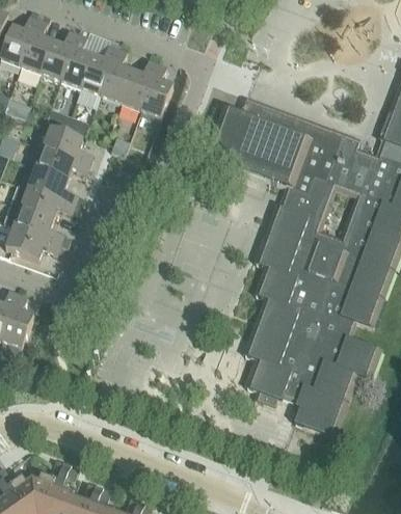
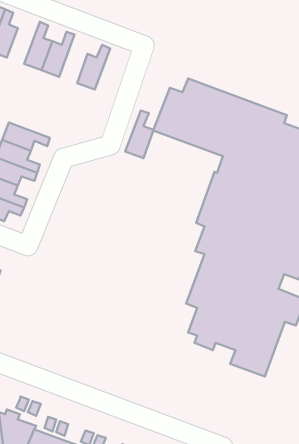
building: [42,30,79,81] -> none
building: [101,48,133,103] -> none
building: [141,63,173,117] -> [125,111,154,158]
building: [44,127,93,165] -> none

